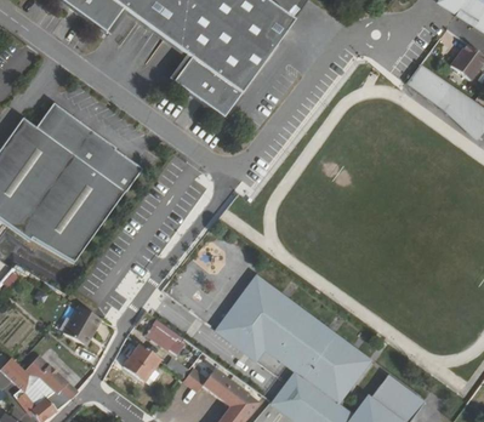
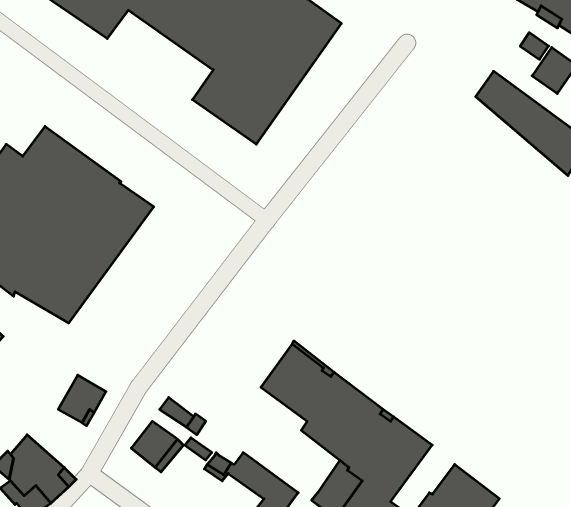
building: [213,315,266,363] -> none

